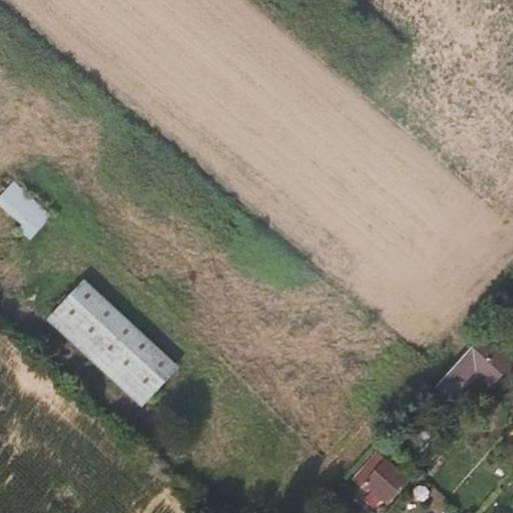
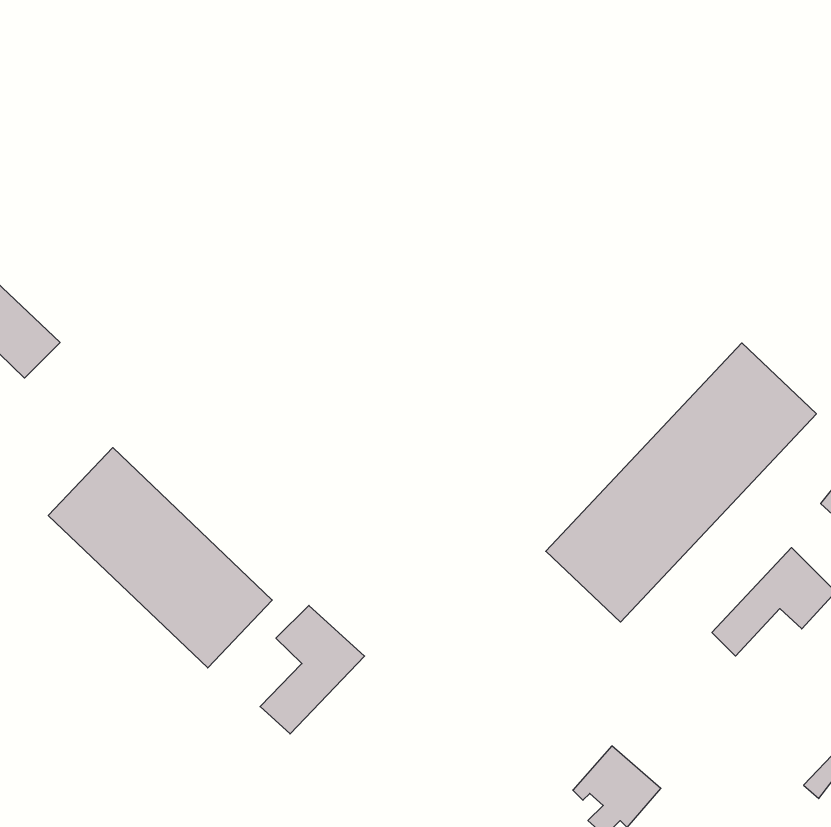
building: none -> [546,343,816,622]
building: none -> [260,605,365,734]

